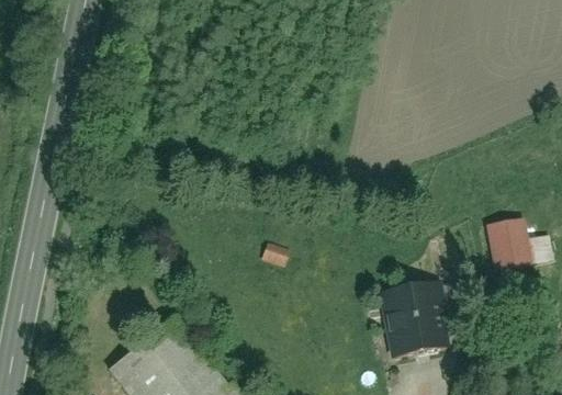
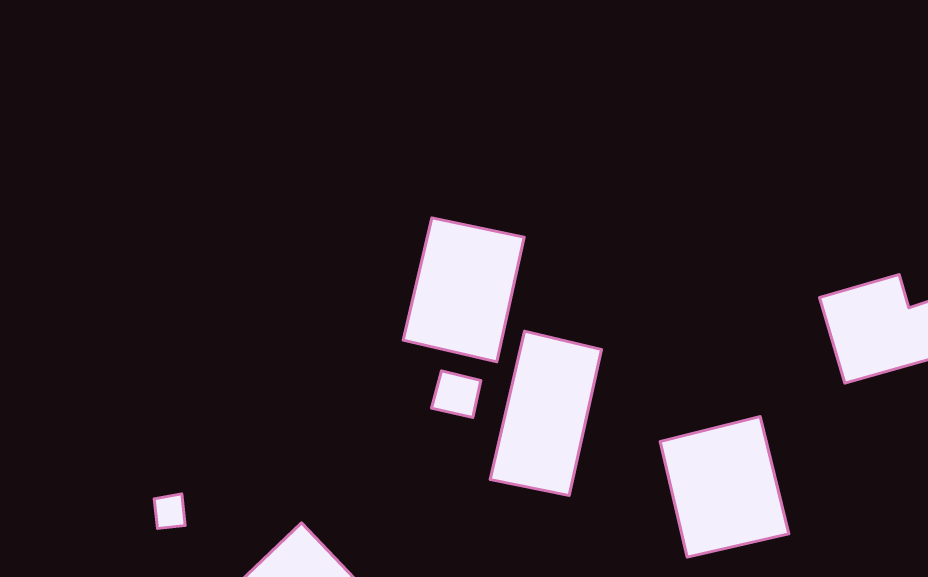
building: none -> [403,218,524,362]
building: none -> [490,331,602,495]

